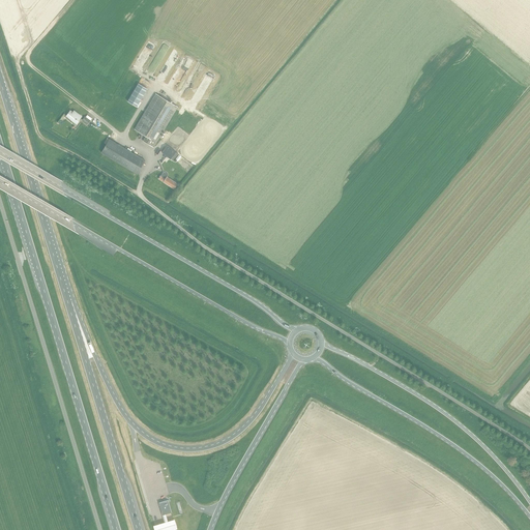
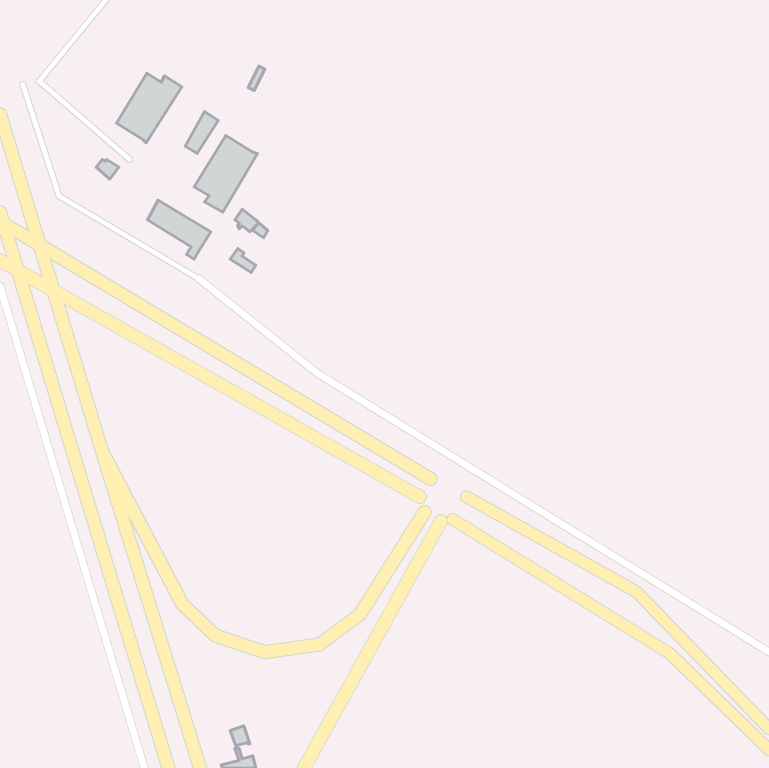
building: none -> [116,73,182,143]

